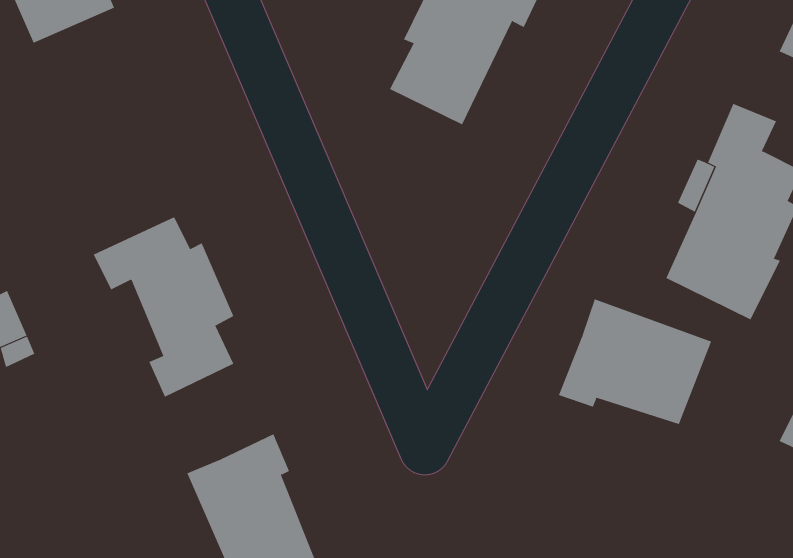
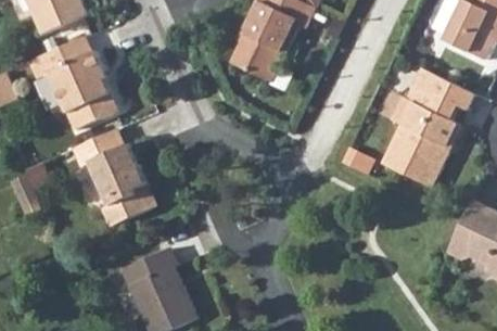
building: none -> [39,37,119,128]
building: [558,299,712,425] -> none

